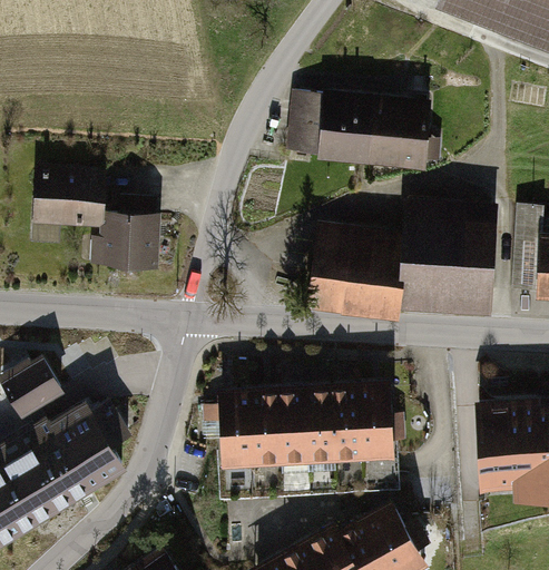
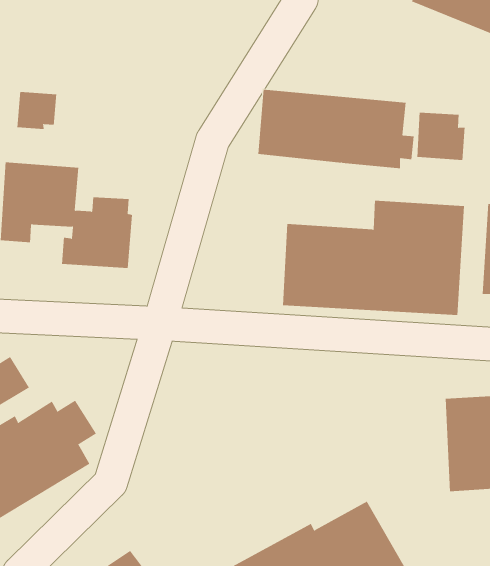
building: none -> [17,91,57,130]
building: none -> [417,112,465,161]
building: [223,384,399,470] -> none

